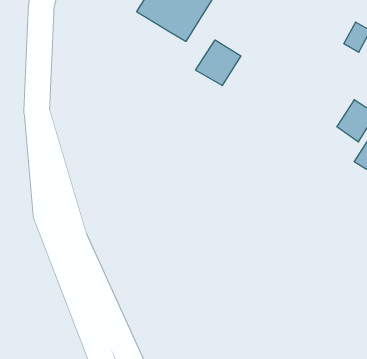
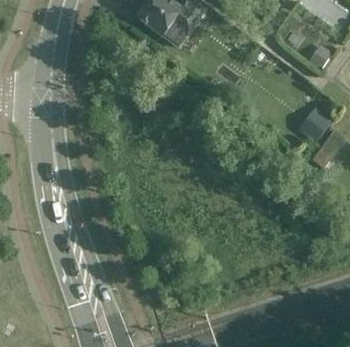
building: [195,40,241,86] -> none

